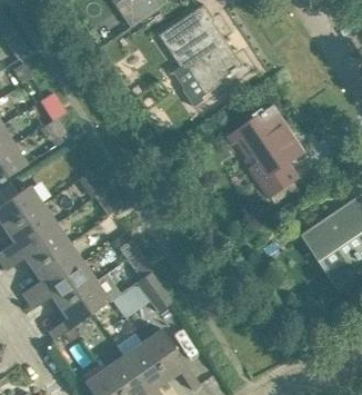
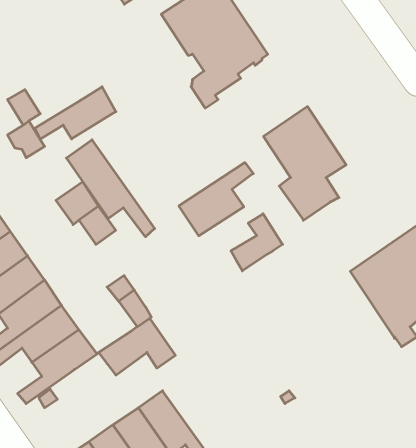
building: none -> [35,87,116,139]
building: none -> [66,140,155,237]
building: none -> [179,163,253,236]
building: none -> [231,214,283,271]

